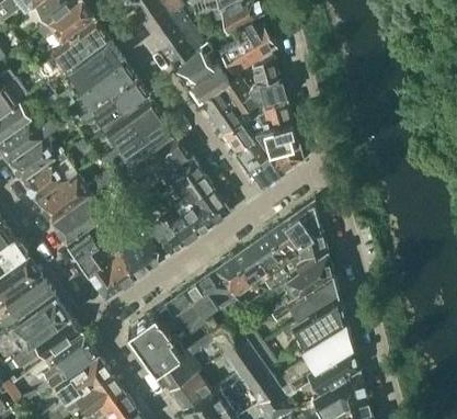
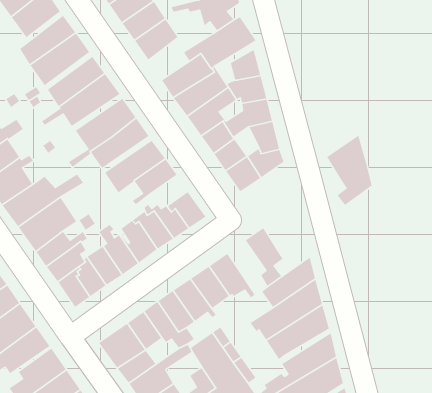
building: [173,39,212,83] -> none
building: [164,172,210,204] -> none
building: [282,201,325,268] -> [326,135,373,206]
building: [248,234,285,285] -> none

